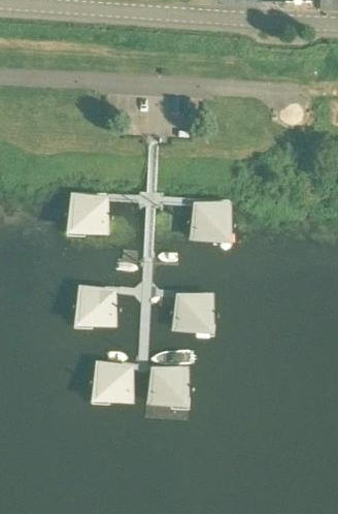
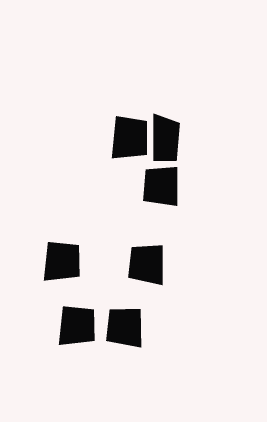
building: none -> [153,112,181,162]
building: [65,190,108,242] -> [111,115,148,159]

